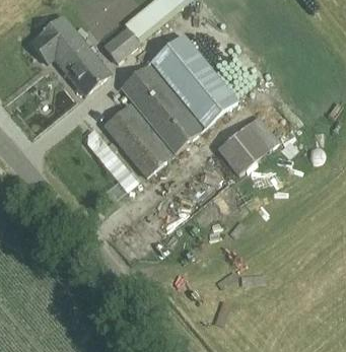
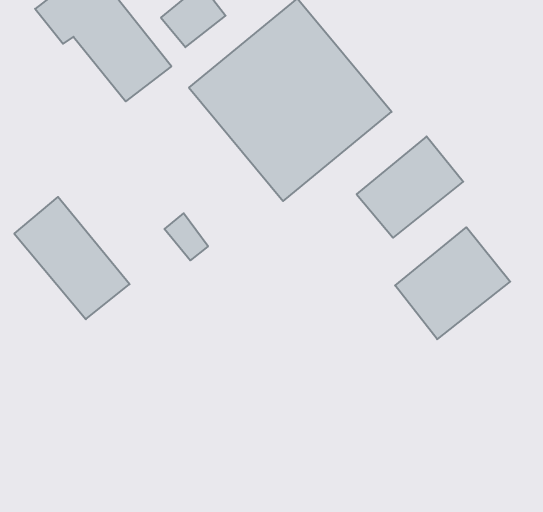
building: [103,104,170,175] -> [14,197,130,319]
building: none -> [395,227,510,339]

